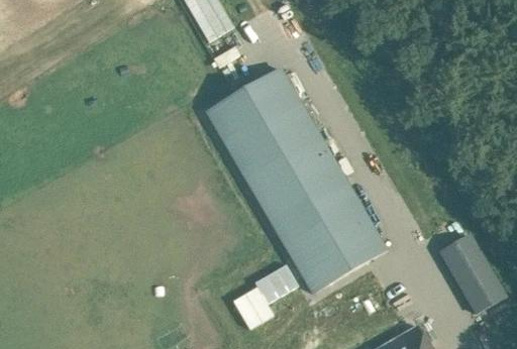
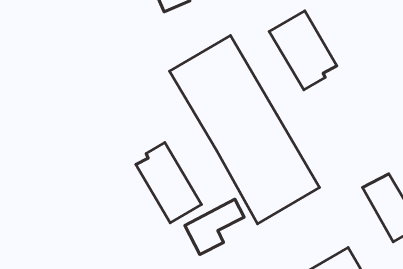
building: none -> [269,11,337,90]
building: none -> [136,143,202,223]

